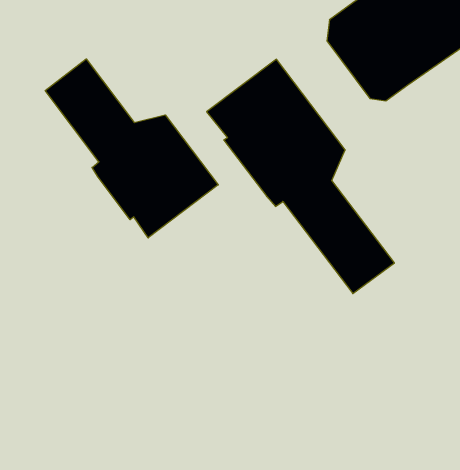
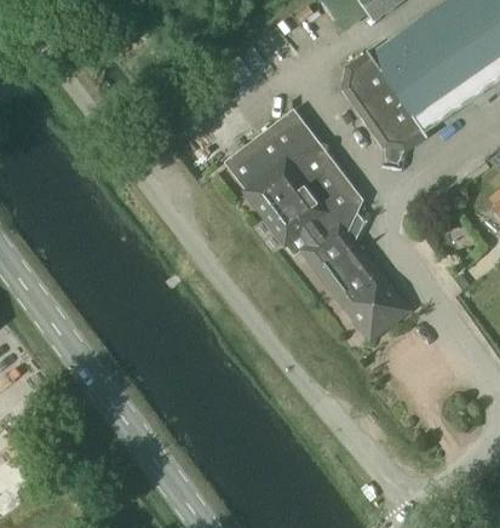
building: [45,59,218,238] -> none

